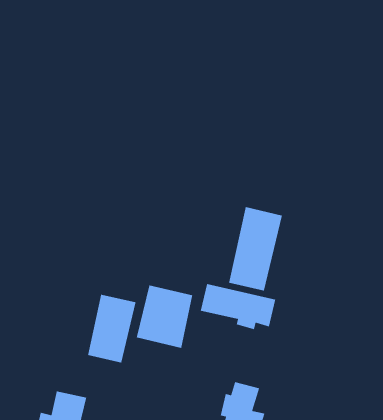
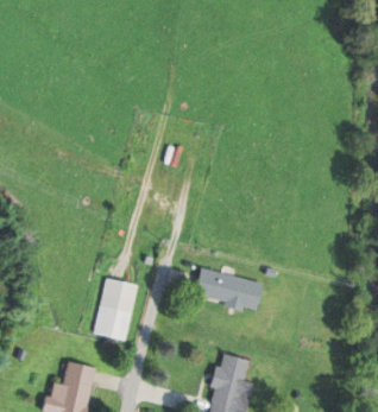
building: [228,206,283,291] -> none
building: [136,285,193,349] -> none

